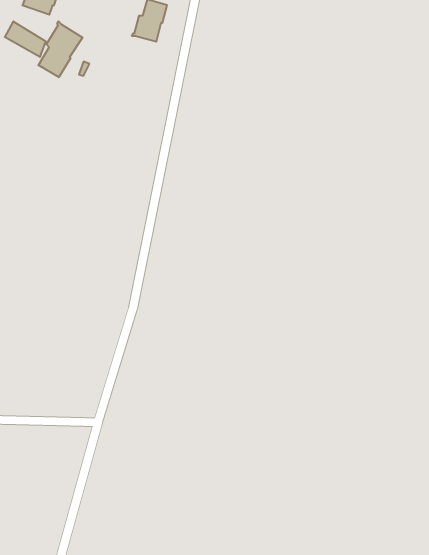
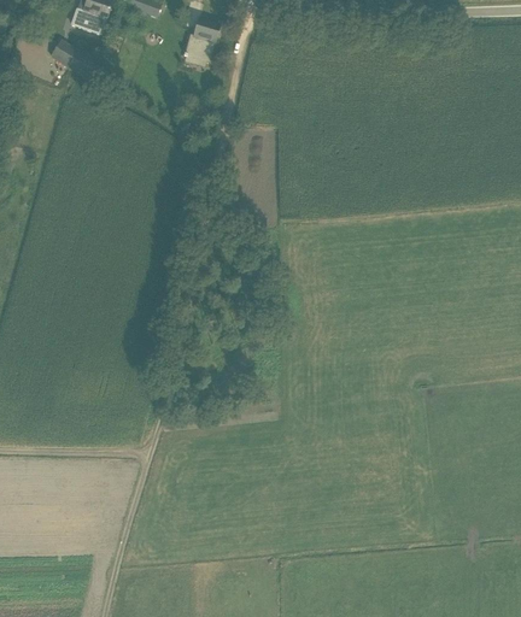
building: [38,21,82,77] -> none

